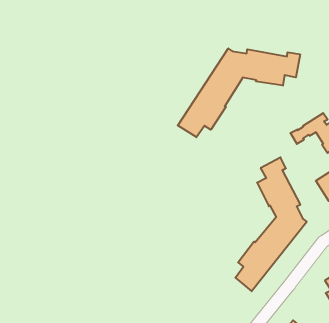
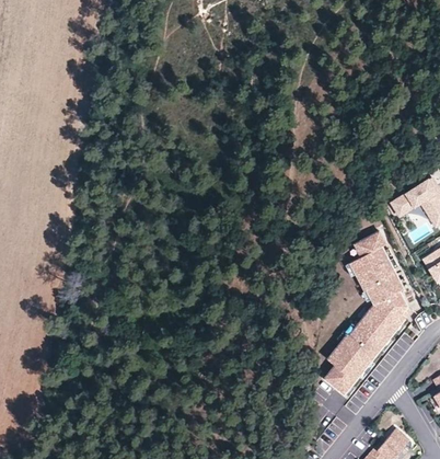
building: [178,48,300,137] -> none

